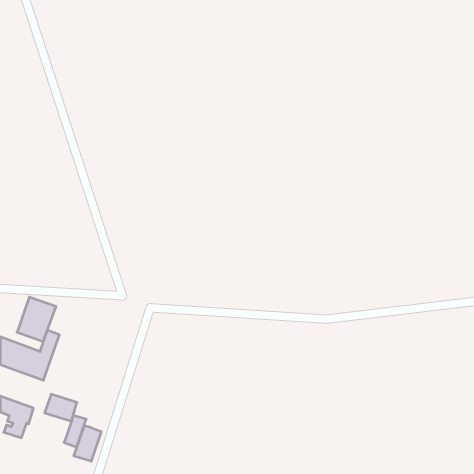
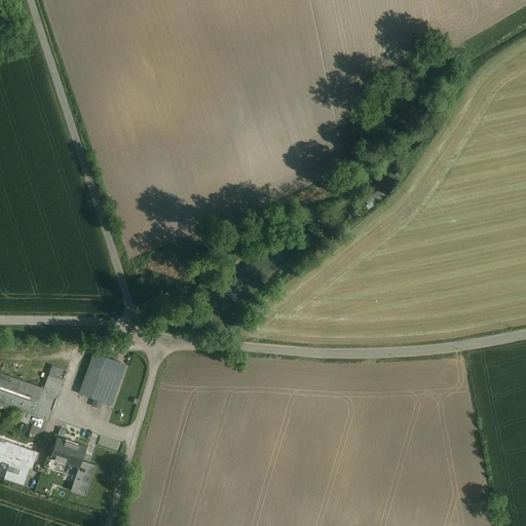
building: [17,297,56,342] -> [80,354,123,404]
building: [74,425,101,461] -> none

